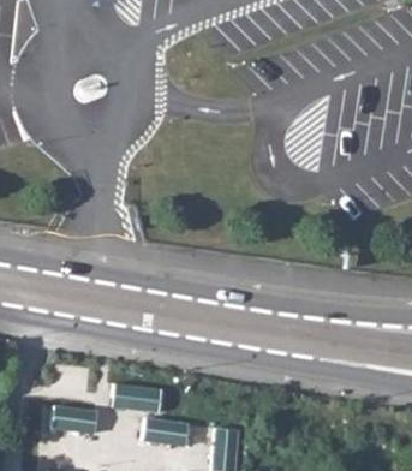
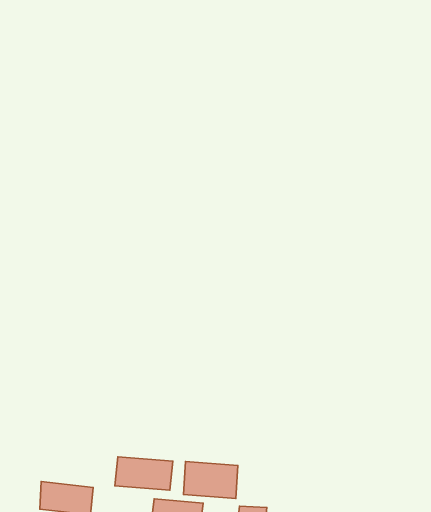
building: none -> [183,461,238,499]

